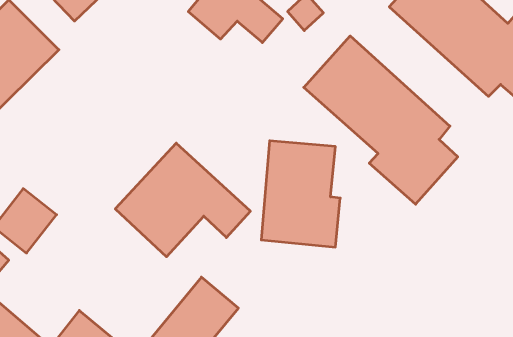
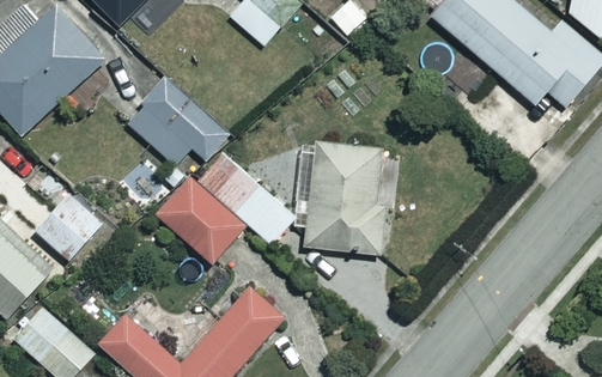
building: [304,36,458,204] -> none
building: none -> [126,75,232,184]

